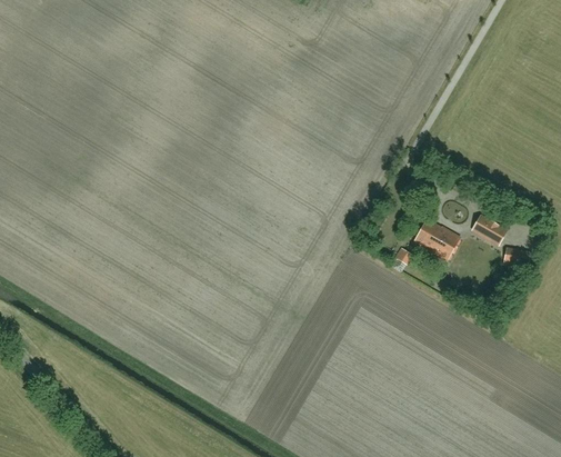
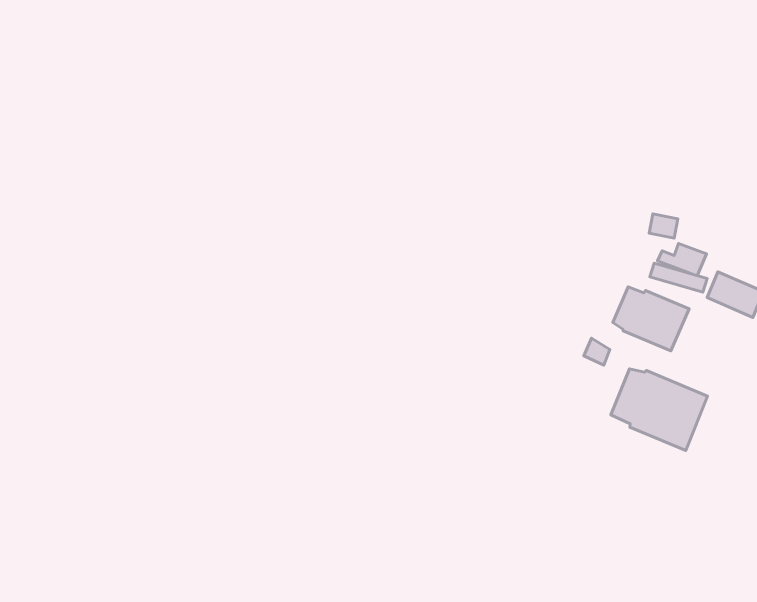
building: none -> [611,369,707,451]

